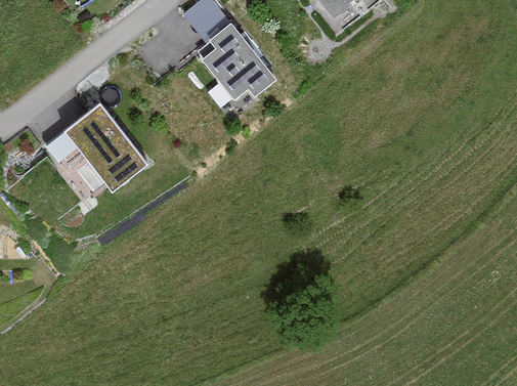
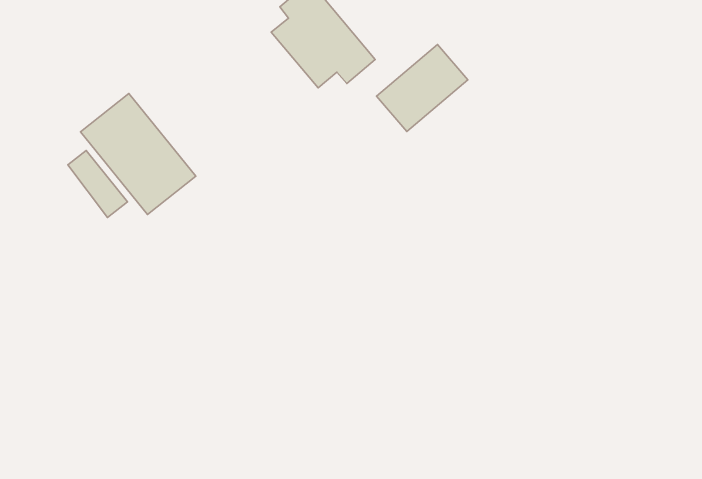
building: none -> [376,45,468,132]

